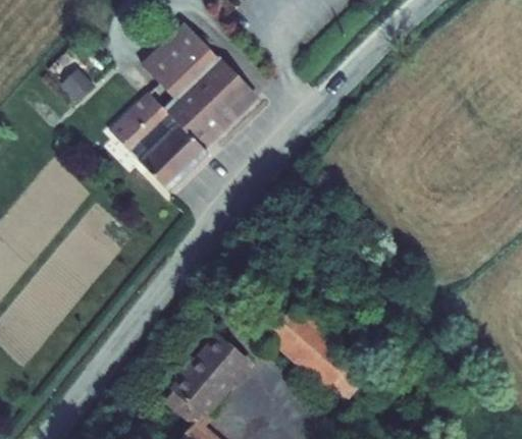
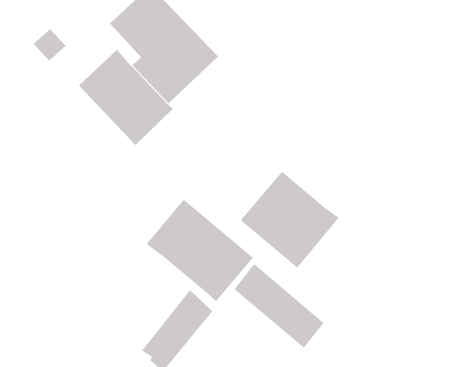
building: none -> [240,171,339,268]
building: none -> [146,199,254,302]

